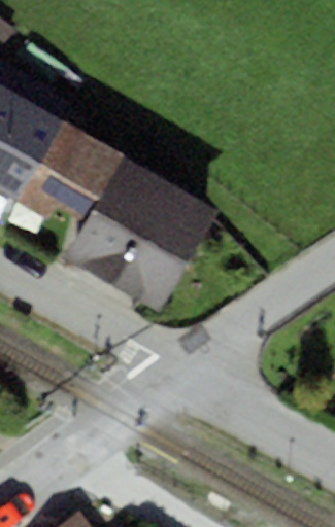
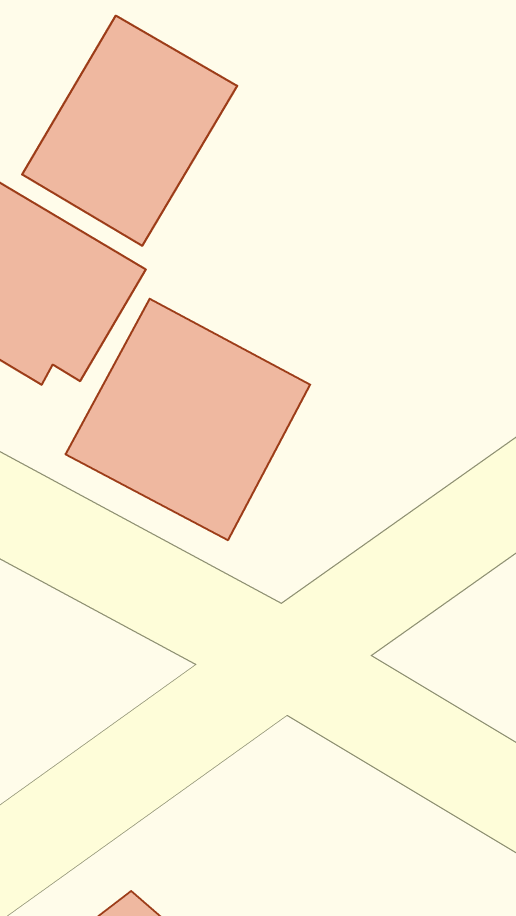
building: none -> [22,16,237,246]

